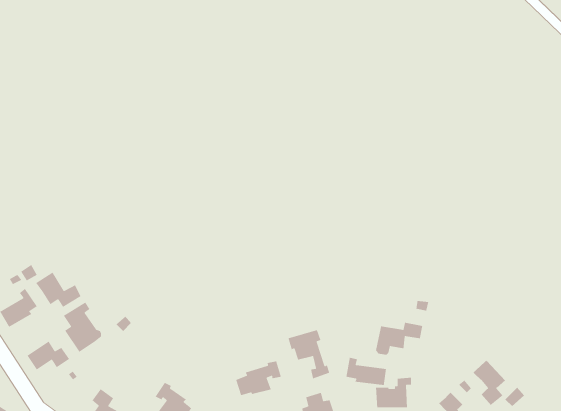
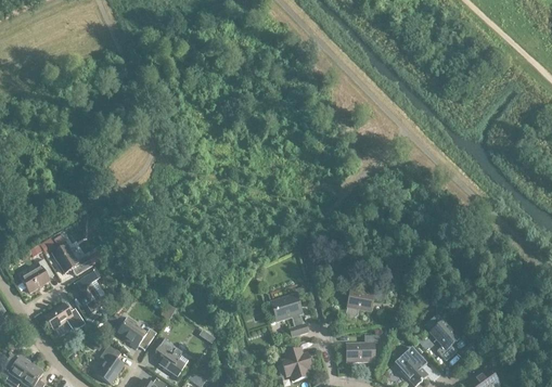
building: none -> [116,315,155,349]
building: [346,357,387,386] -> none
building: [235,360,282,396] -> none

